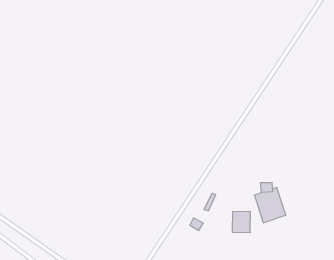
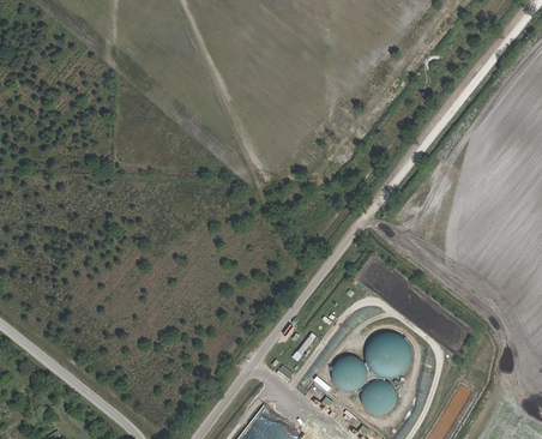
building: none -> [366,384,392,414]

